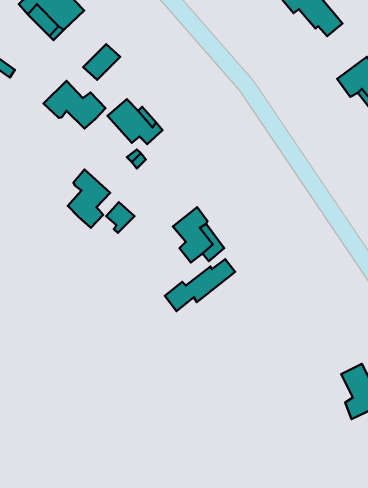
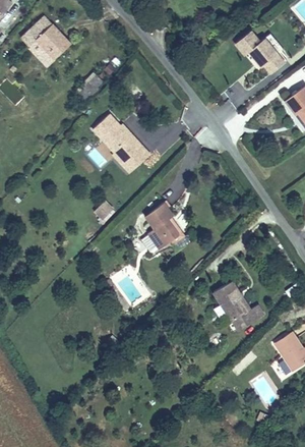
building: [44,81,106,128] -> none
building: [68,169,110,228] -> none
building: [165,259,235,311] -> none
building: none -> [221,280,256,320]

